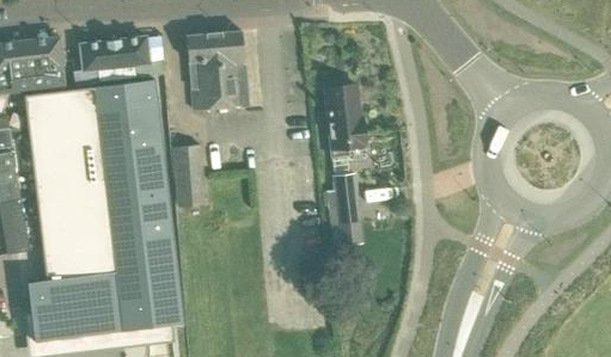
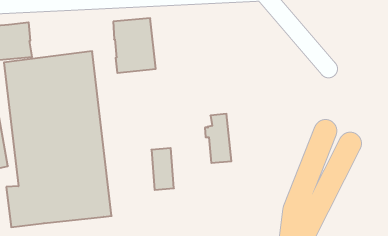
building: [81,36,148,81] -> none
building: [325,85,367,160] -> none
building: [172,143,206,205] -> [151,148,174,190]

